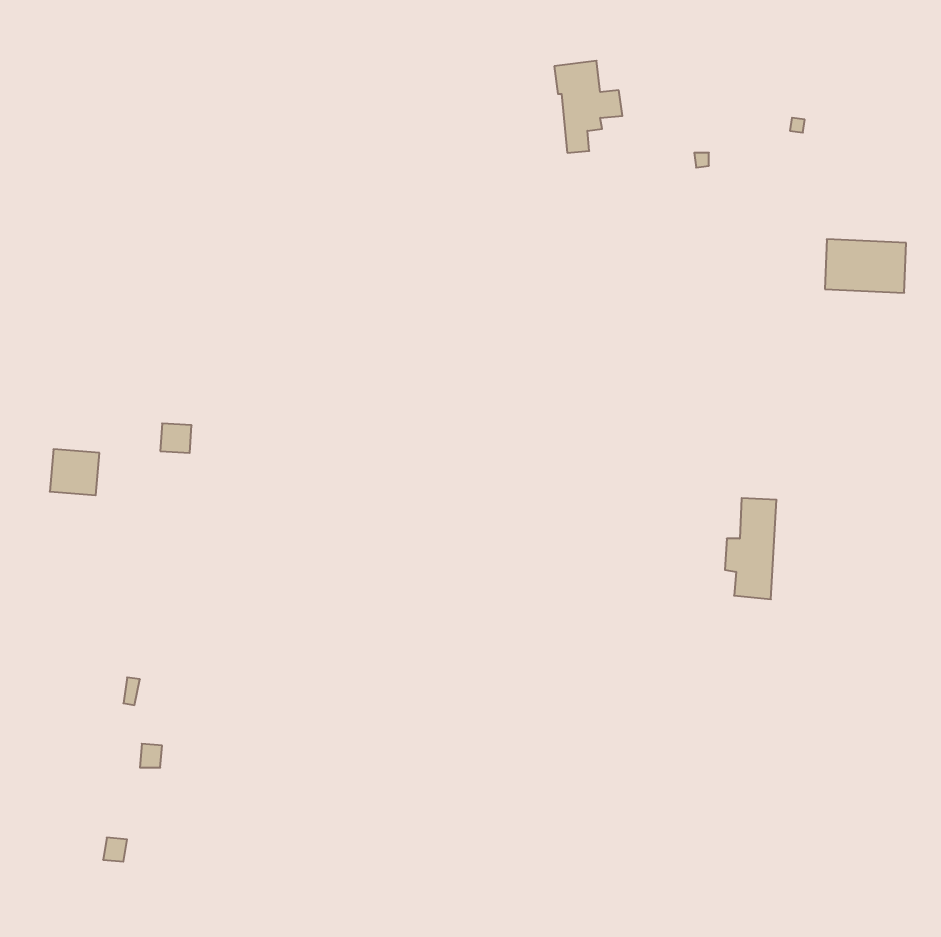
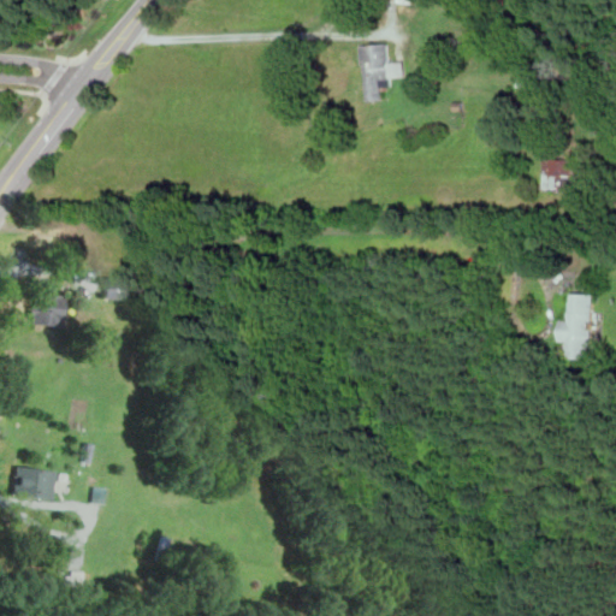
building: [725,498,777,599] -> [555,294,588,360]
building: none -> [14,469,53,500]

